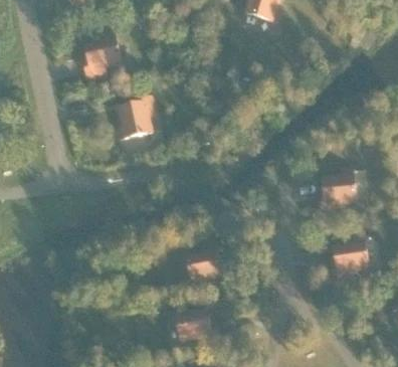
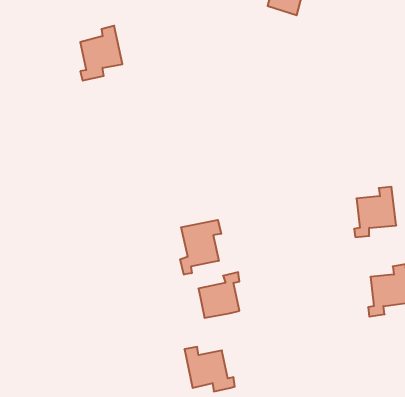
building: [117,96,155,139] -> none
building: none -> [180,220,221,275]

